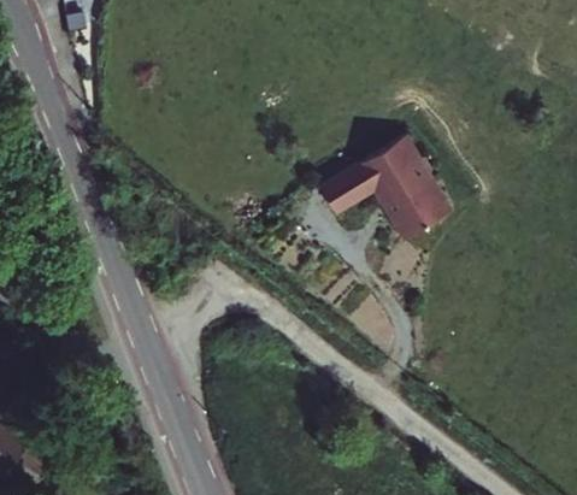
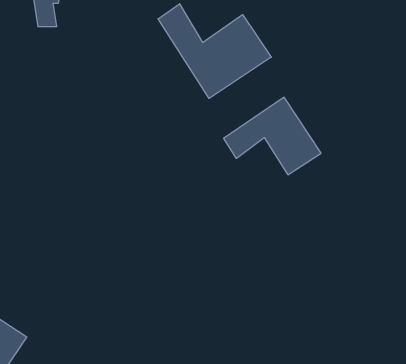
building: none -> [158,4,271,98]

